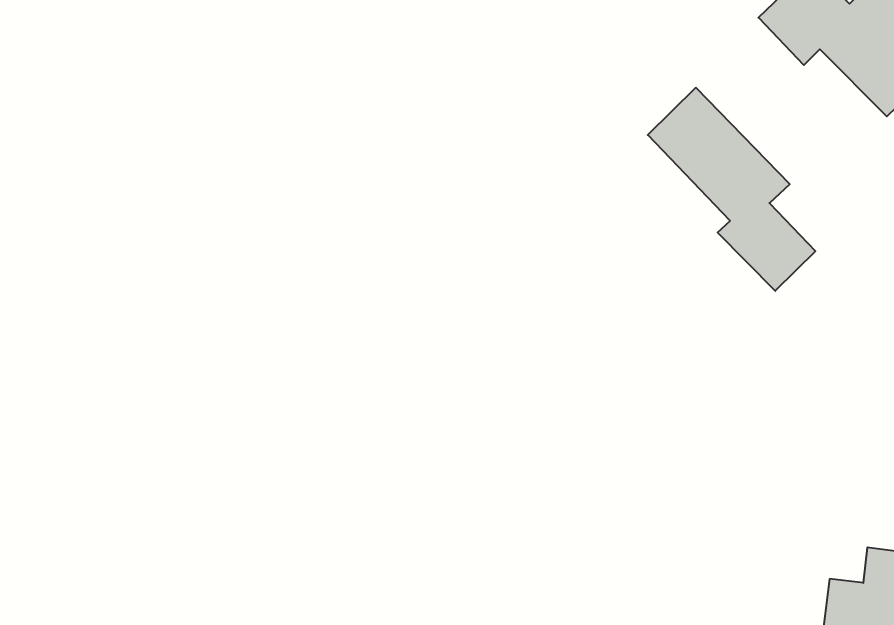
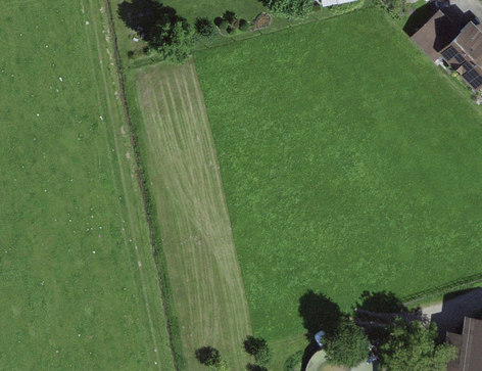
building: [648,88,815,291] -> none

